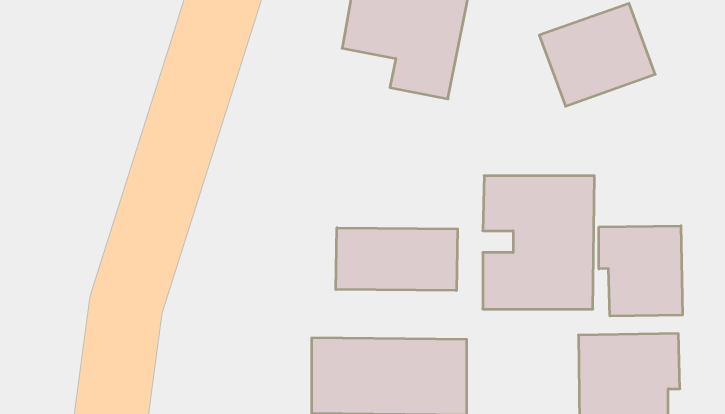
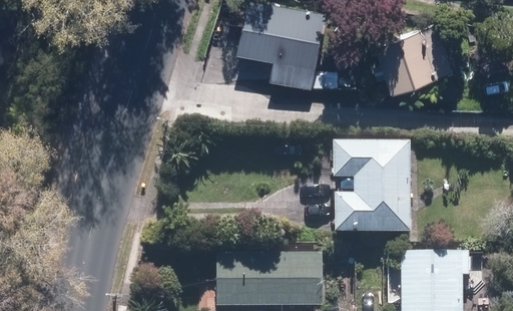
building: [599,226,682,316] -> none
building: [336,228,458,291] -> none

